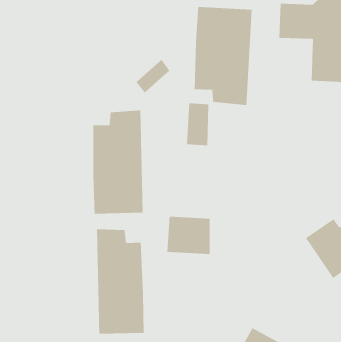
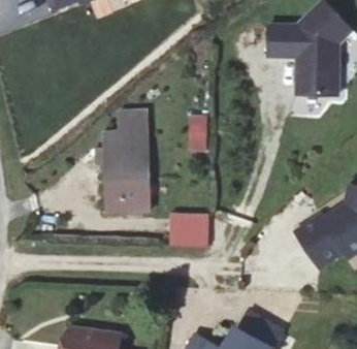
building: [194,6,252,106] -> none
building: [96,228,144,335] -> none

